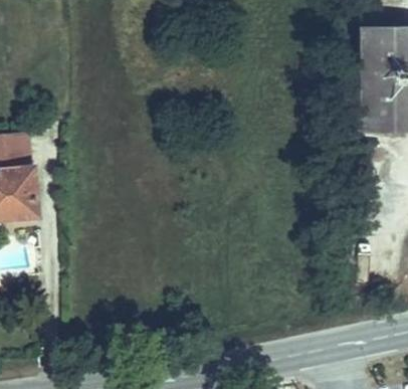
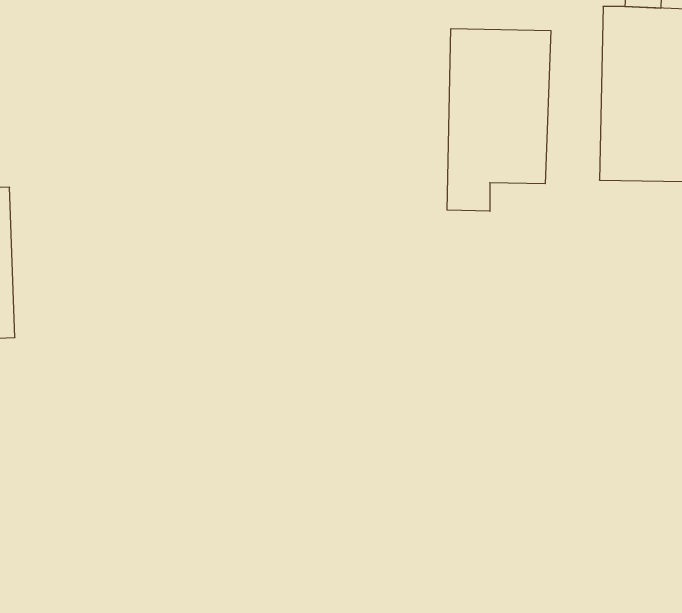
building: none -> [447,29,551,211]

